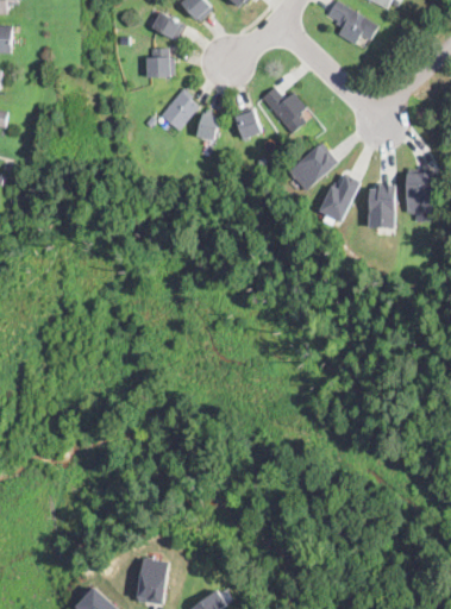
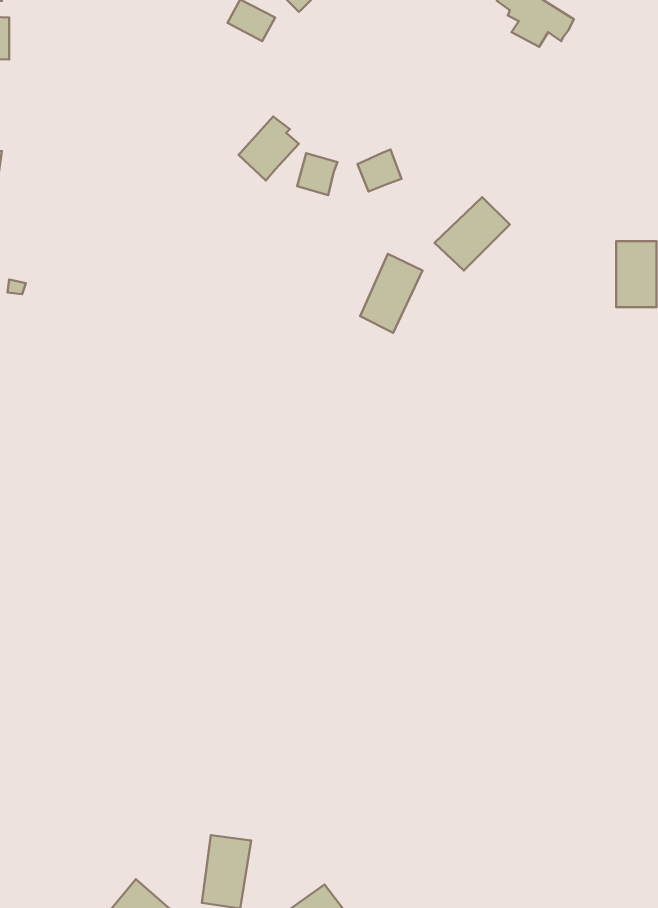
building: [146,49,173,79] -> none
building: [261,87,305,133] -> none
building: [319,169,359,220] -> [360,254,423,333]
building: [368,182,393,226] -> none

